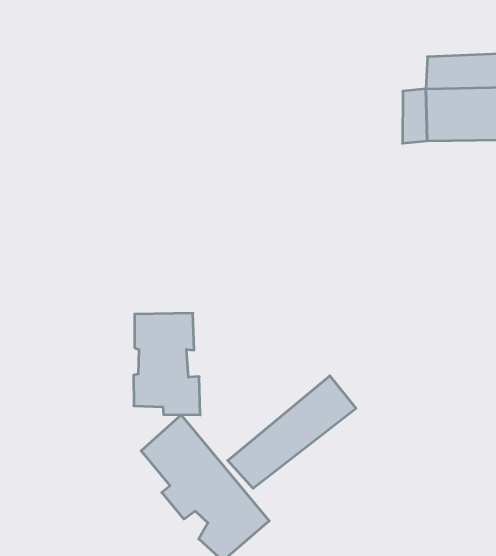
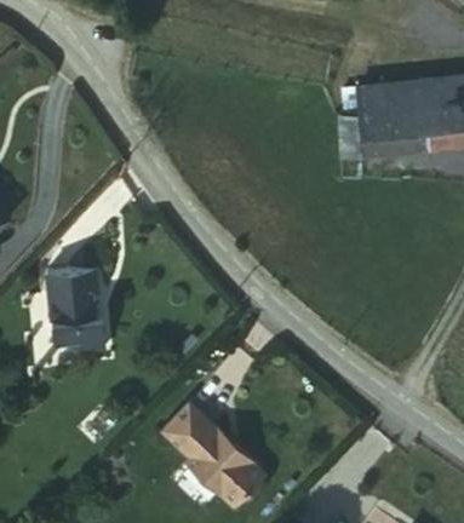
building: [134,313,200,415] -> [44,263,103,345]
building: [228,376,356,488] -> none

